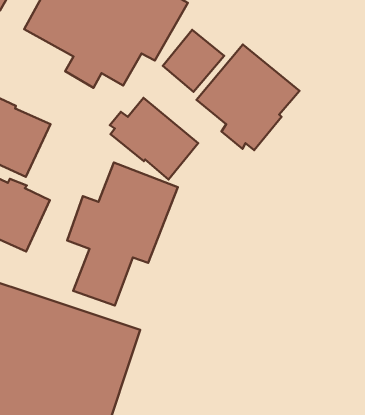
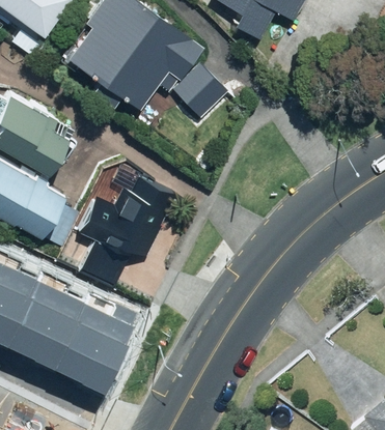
building: [197,45,300,150] -> none
building: [110,98,198,180] -> none

